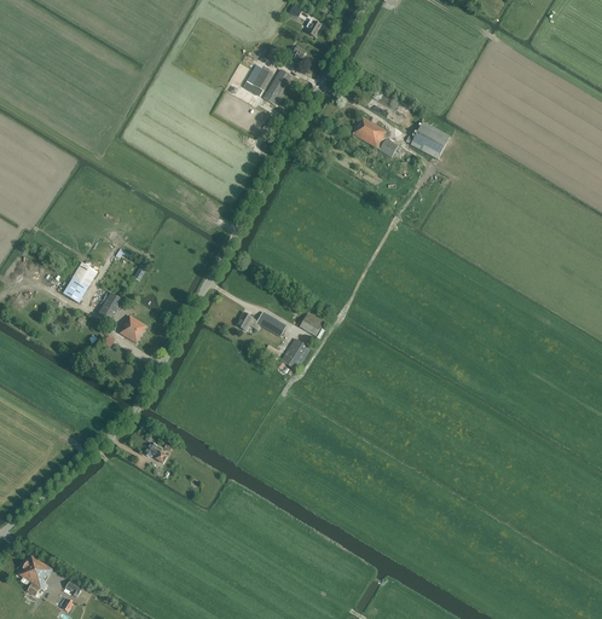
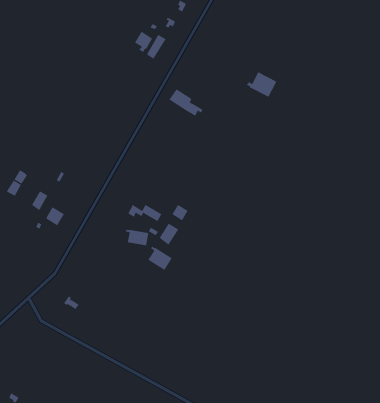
building: [352,116,401,156] -> [169,89,203,116]
building: none -> [126,229,149,246]
building: none -> [147,246,173,271]

